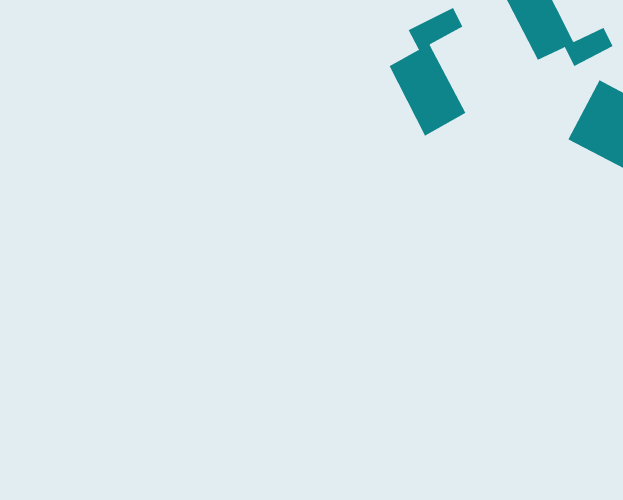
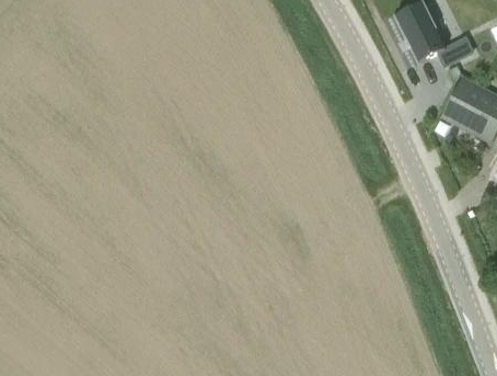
building: [389,7,466,136] -> none

